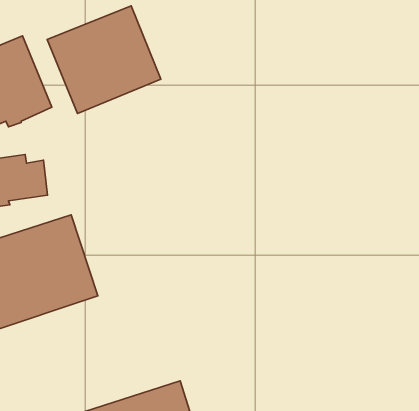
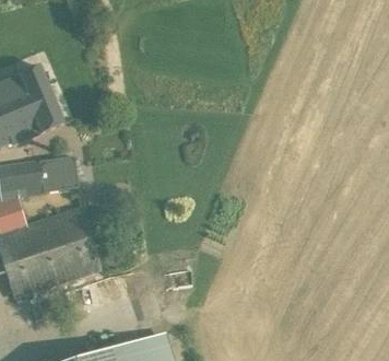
building: [47,6,161,114] -> none

